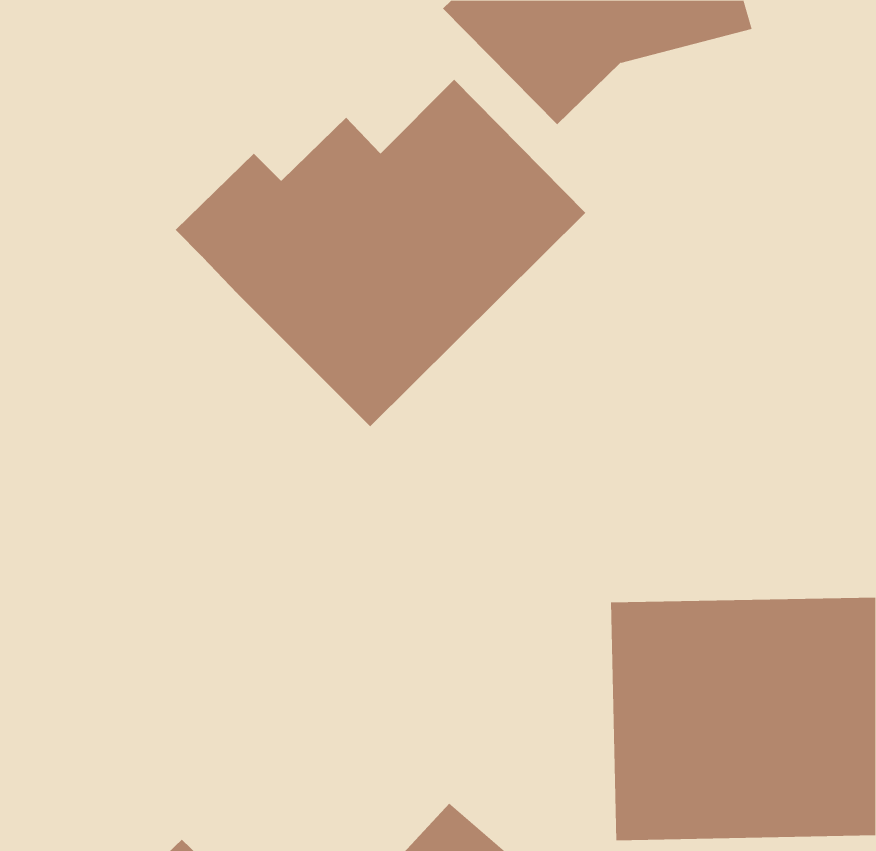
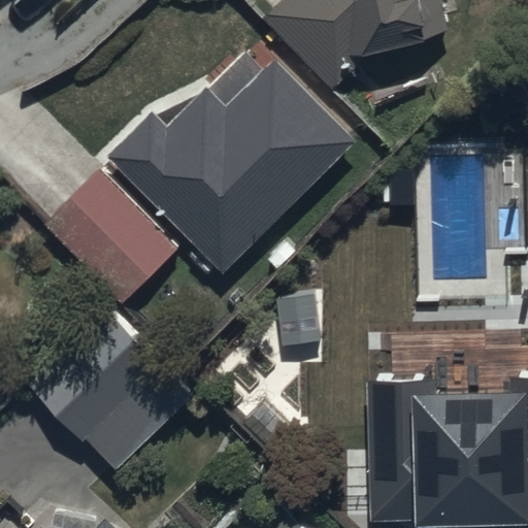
building: none -> [45,173,178,305]
building: none -> [36,312,196,471]

